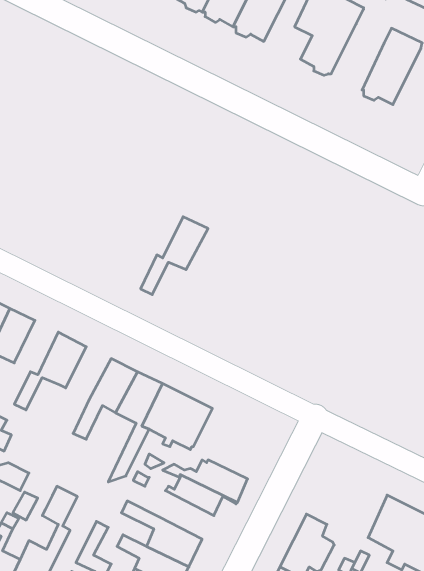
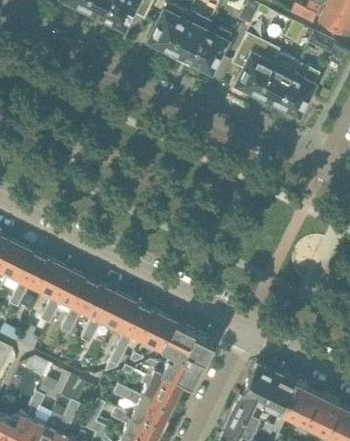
building: none -> [257,53,298,107]
building: [141,217,208,295] -> [61,281,107,334]
building: none -> [41,263,71,300]
building: none -> [163,323,212,371]
building: none -> [240,363,295,415]
building: none -> [140,379,177,412]

